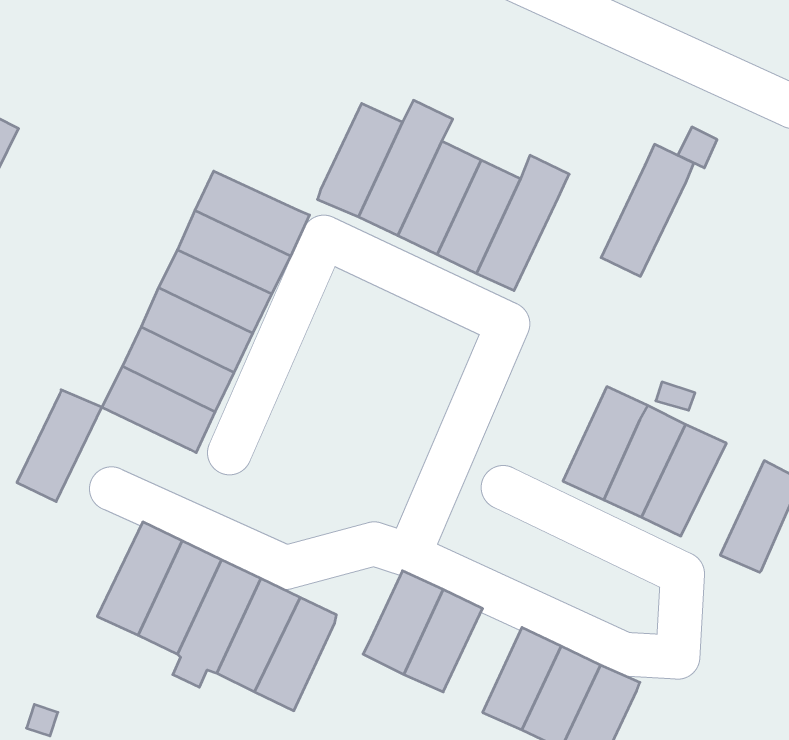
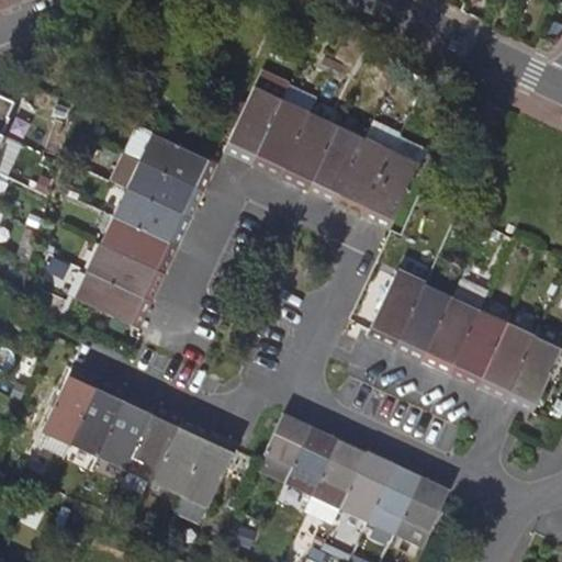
building: [601,144,694,276] -> [361,136,426,228]
building: none -> [367,268,426,348]
building: [17,390,102,502] -> [43,364,102,442]
building: none -> [477,322,536,400]
building: none -> [304,437,367,524]

